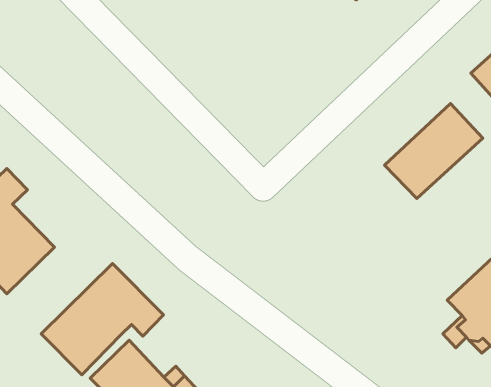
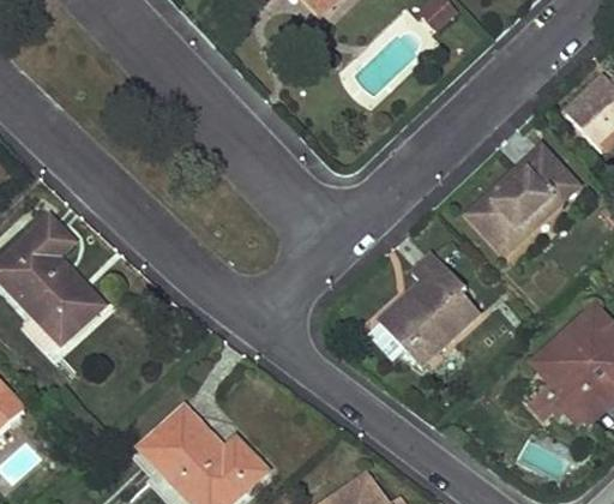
building: none -> [369,251,478,364]
building: [41,264,164,375] -> none

